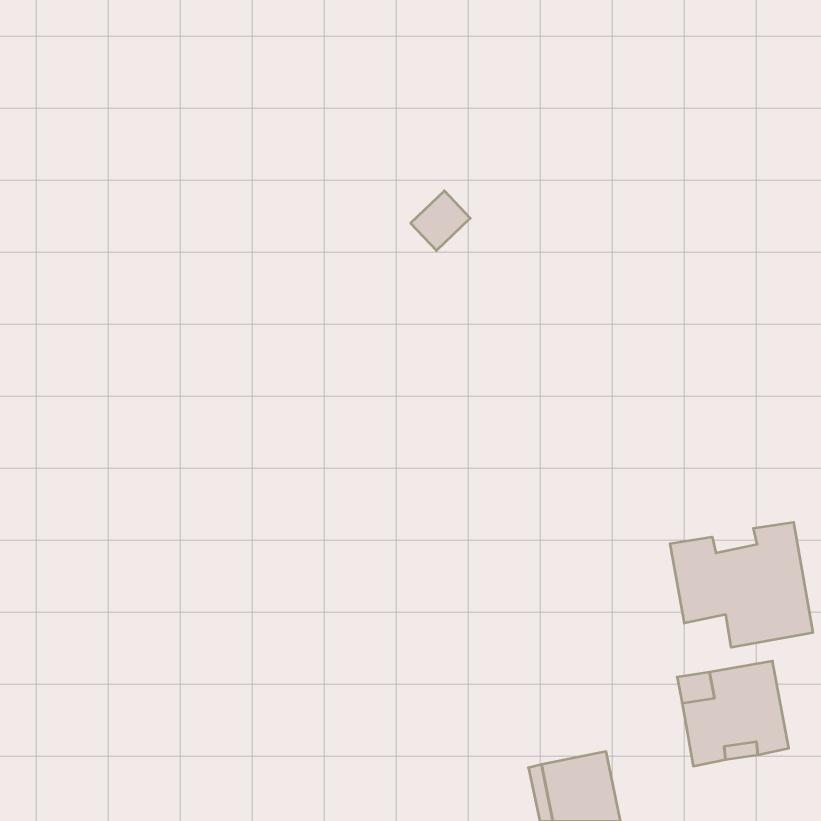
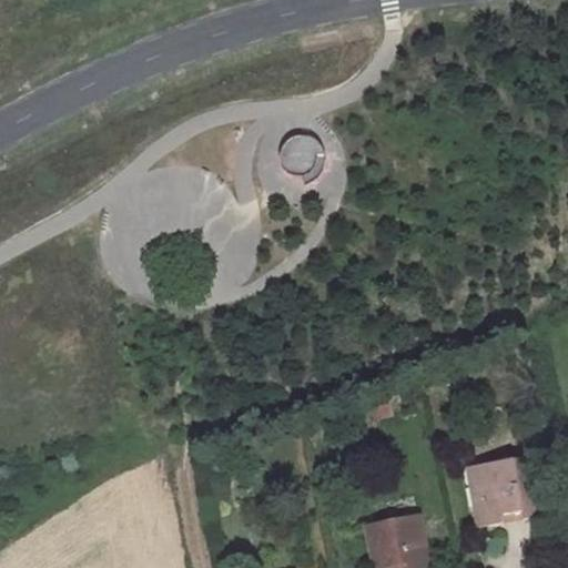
building: [670,522,813,647] -> none

